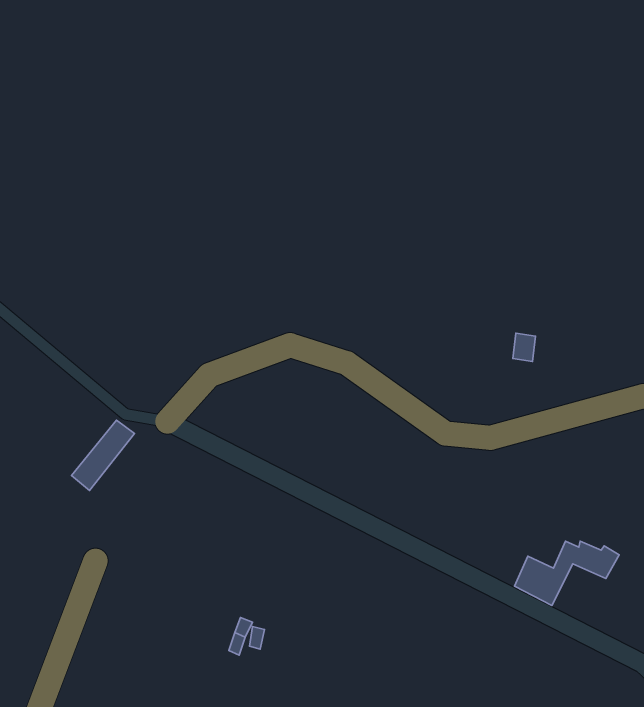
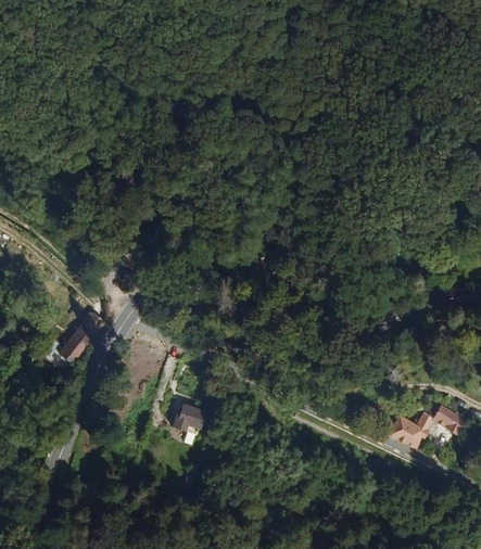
building: none -> [169,400,203,434]

